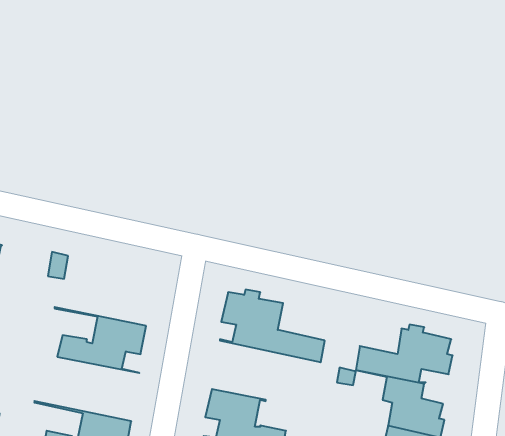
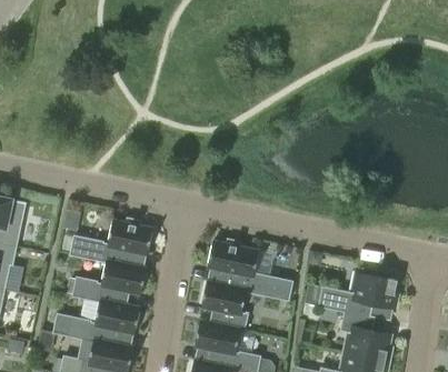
building: none -> [69,219,151,270]
building: none -> [199,282,289,331]
building: none -> [52,295,139,349]

